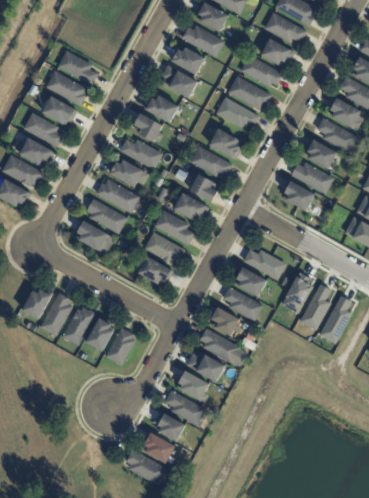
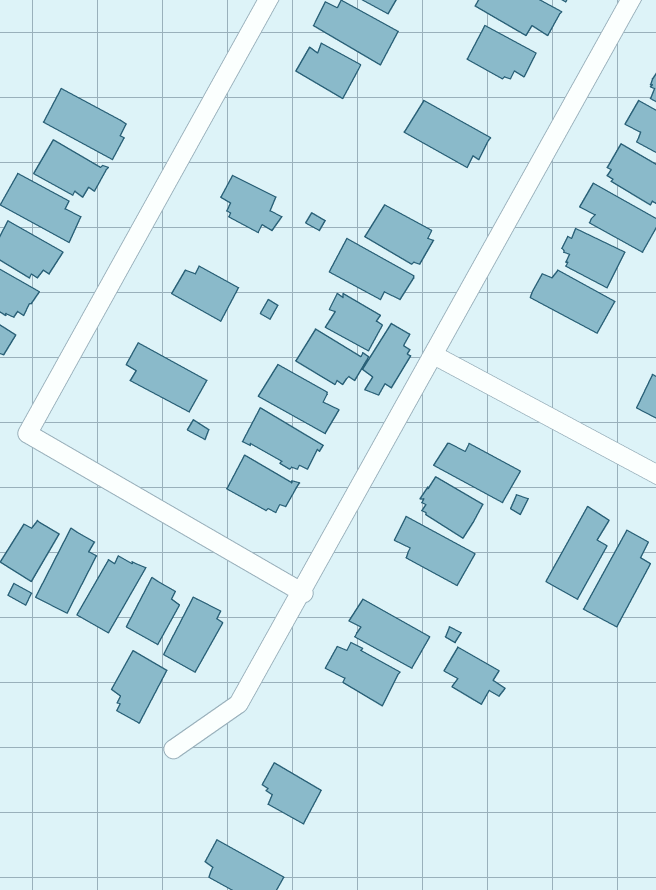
building: [56,50,97,85] -> none
building: [240,55,282,87] -> none
building: [162,65,198,99] -> none
building: [145,95,178,123] -> none
building: [215,97,259,128] -> none
building: [119,139,162,170] -> none
building: [95,179,139,214] -> none
building: [283,181,315,212] -> none
building: none -> [363,323,411,395]
building: [76,221,108,251] -> none
building: [281,271,313,312] -> none
building: [211,308,242,337] -> [444,647,505,704]
building: none -> [112,651,167,723]
building: [178,371,210,403] -> none
building: [164,391,205,426] -> none
building: [143,434,174,464] -> none

